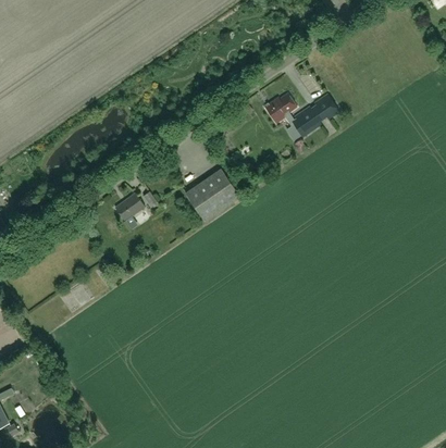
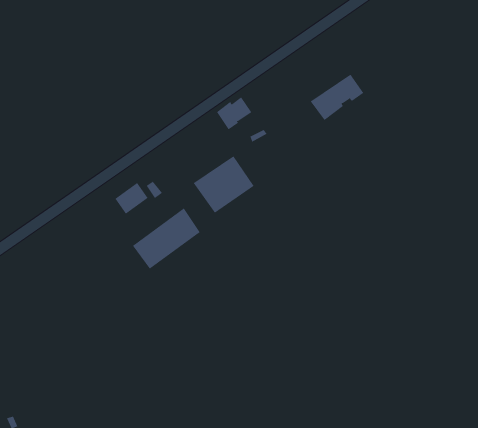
building: [264,92,297,123] -> [216,96,252,130]
building: none -> [132,208,201,270]

